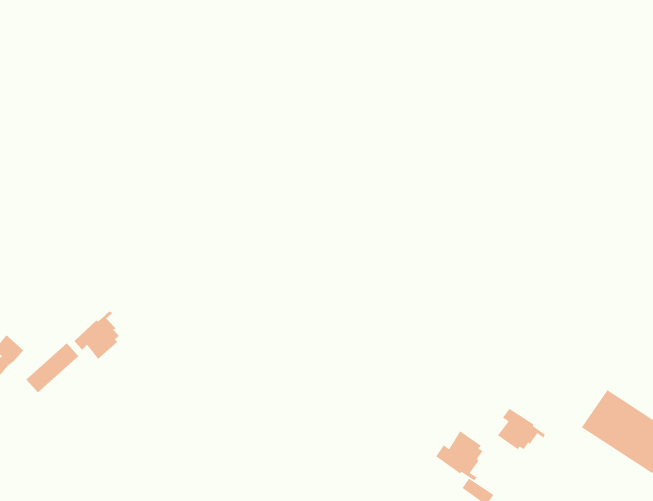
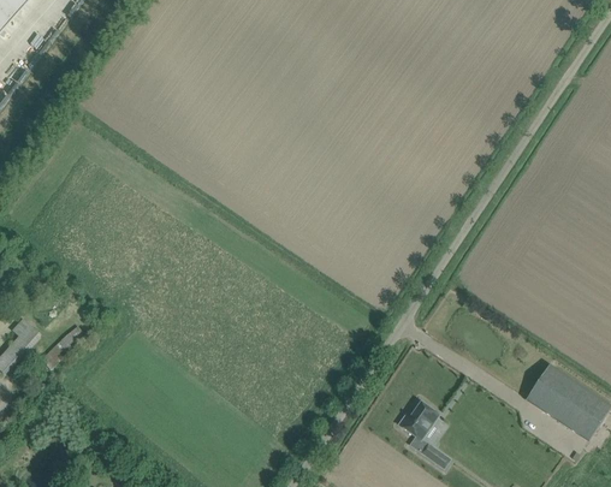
building: [73,310,120,360] -> none
building: [497,408,546,451] -> none

